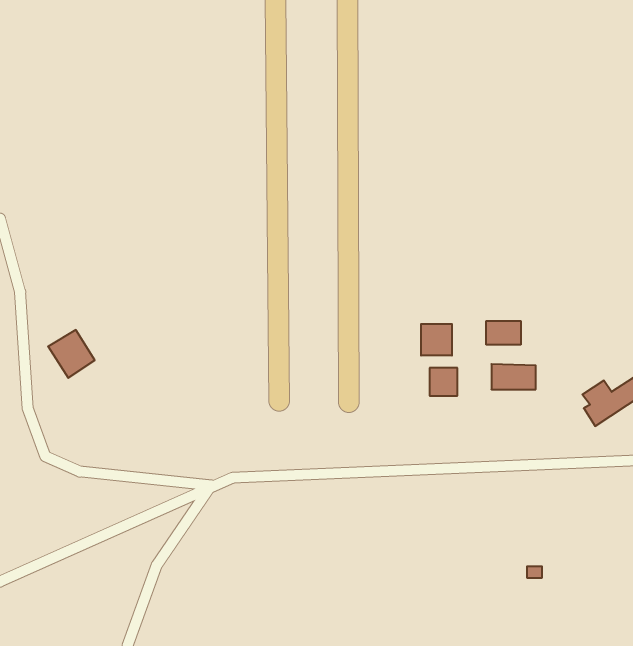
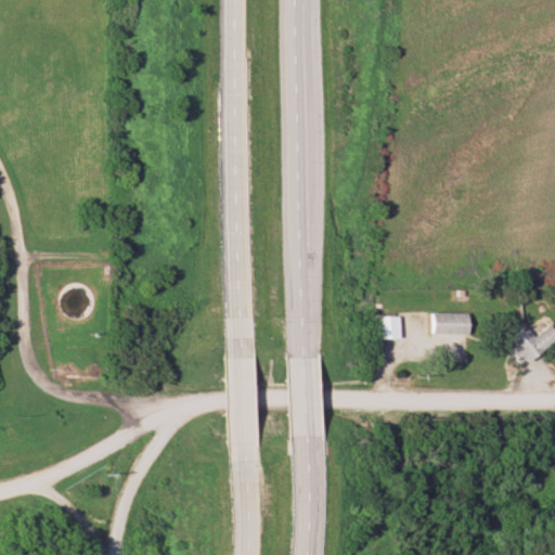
building: [486,321,521,345] -> none
building: [421,324,452,356] -> none

